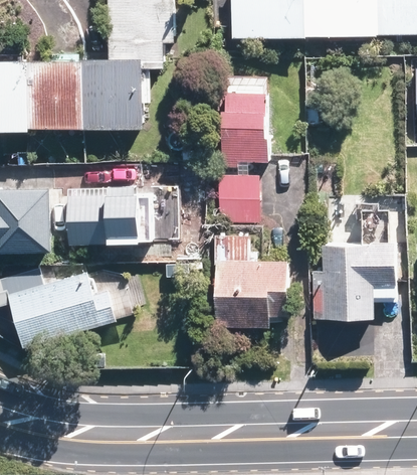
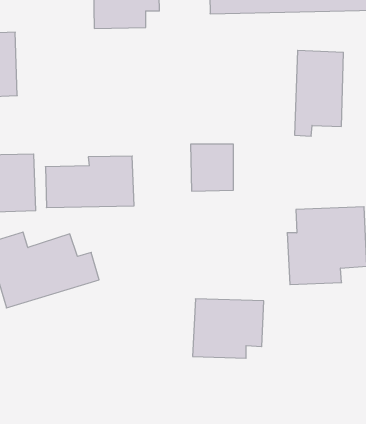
building: [97,60,147,128] -> none
building: [39,63,90,129] -> none
building: [218,81,268,169] -> [295,50,343,136]
building: [212,264,285,325] -> [193,299,264,358]

